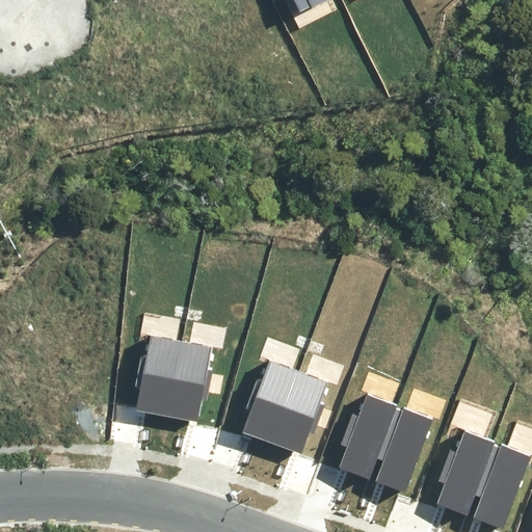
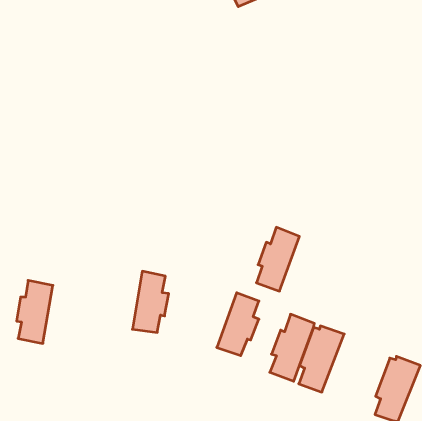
building: [134,335,180,414] -> [17,280,53,343]
building: [244,356,298,436] -> [256,227,299,291]
building: [435,433,491,517] -> none

